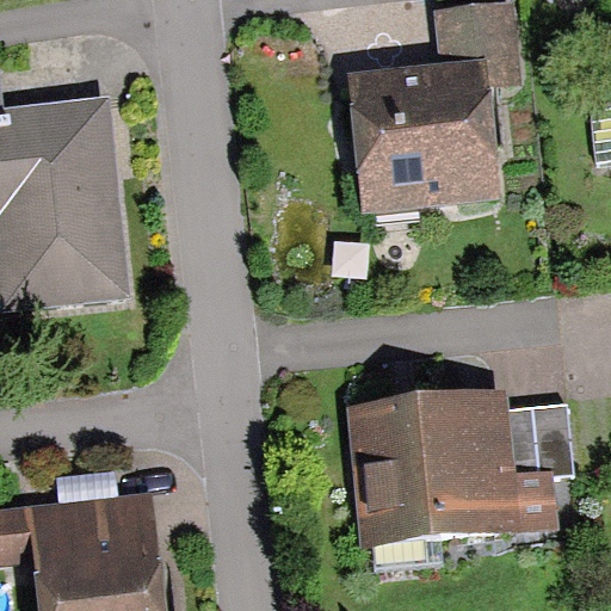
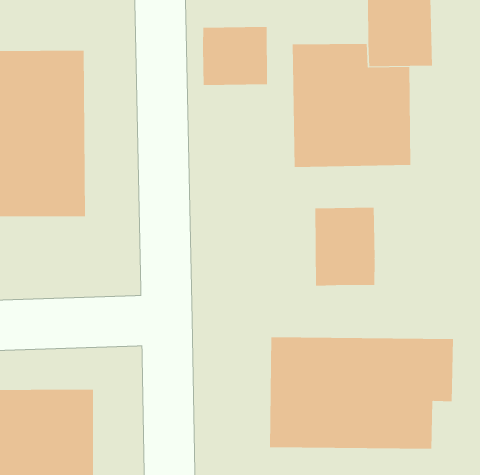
building: none -> [202,26,267,86]
building: none -> [315,207,375,286]

